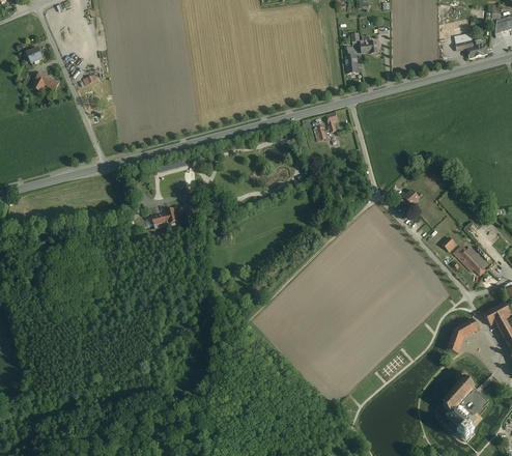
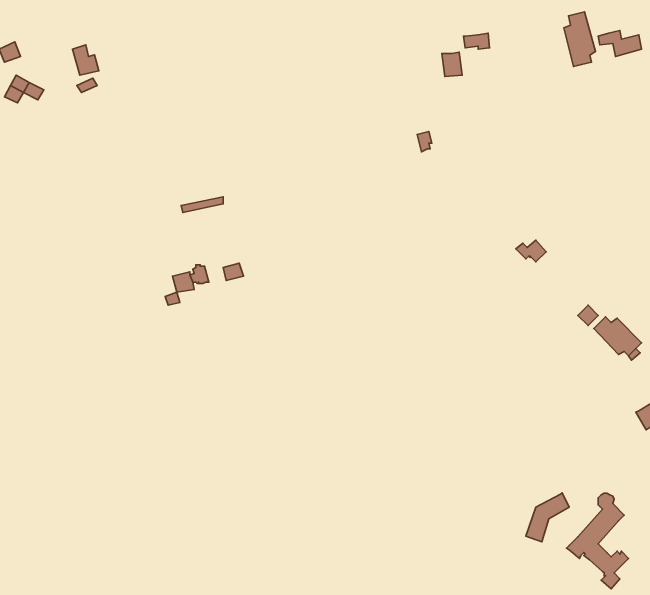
building: none -> [564,12,595,67]
building: [448,318,479,353] -> [526,493,569,542]

